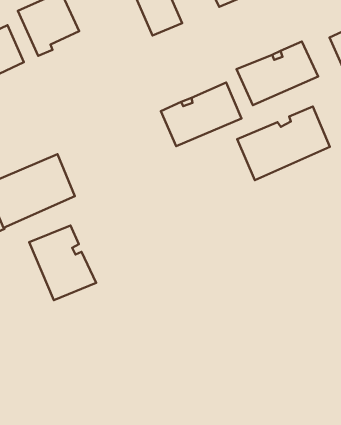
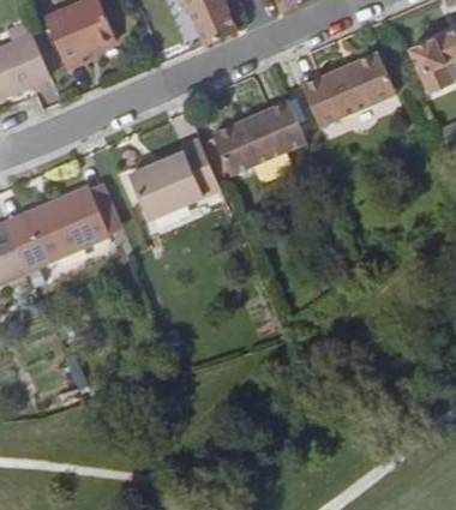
building: [237,107,330,180] -> none
building: none -> [130,139,220,218]
building: [29,225,96,300] -> none

